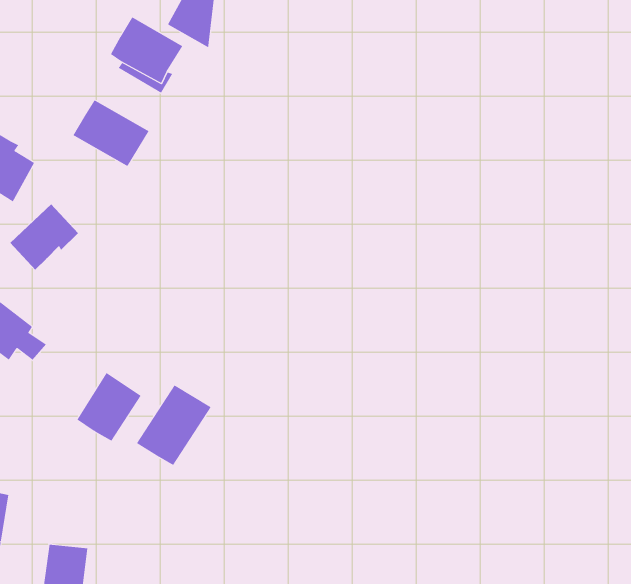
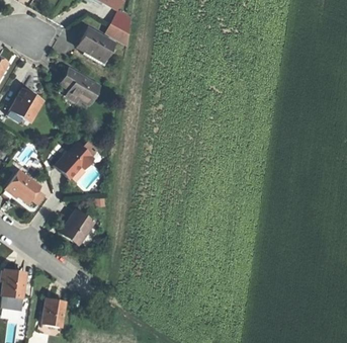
building: [10,203,79,271] -> [55,145,90,179]
building: [136,384,212,466] -> none

